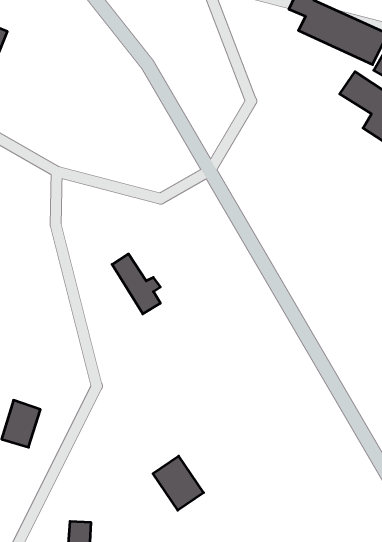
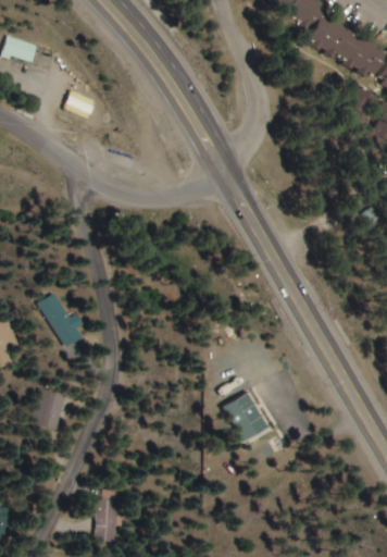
building: [112,254,160,314] -> [38,292,83,347]
building: [153,456,204,510] -> [223,392,270,442]

